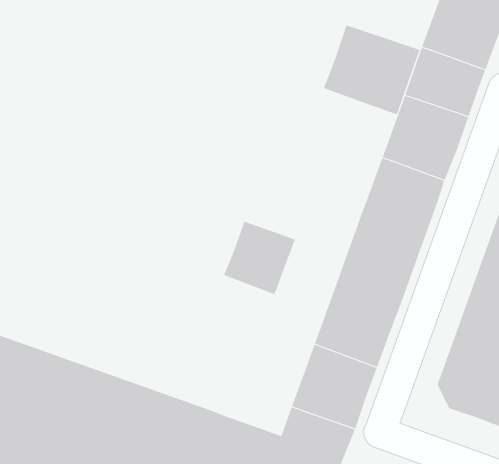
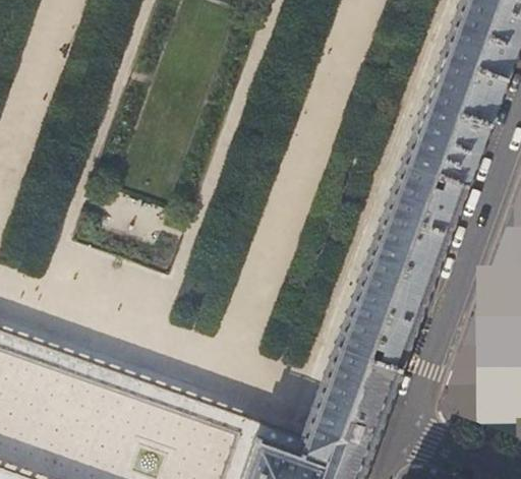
building: [323,24,420,115] -> none
building: [224,221,295,295] -> none

